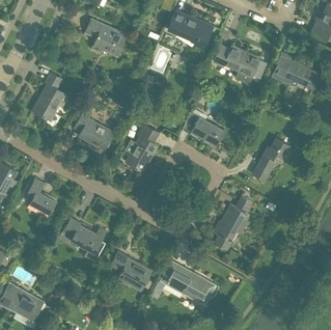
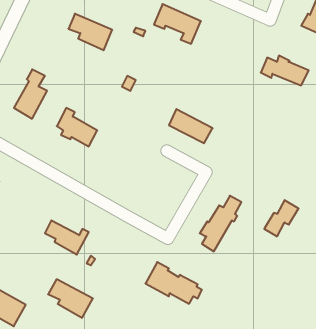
building: [214,45,267,83] -> none
building: [126,123,158,171] -> none
building: [255,139,288,174] -> [264,200,299,236]
building: [25,178,56,215] -> none
building: [109,251,153,288] -> [48,279,93,318]

